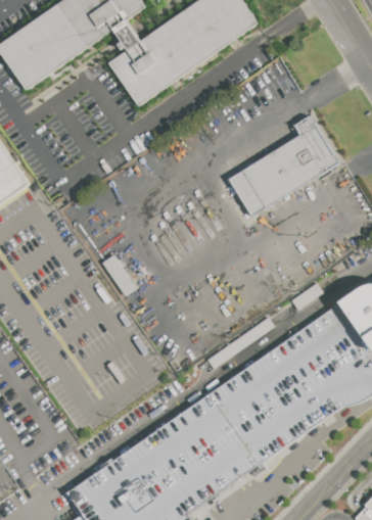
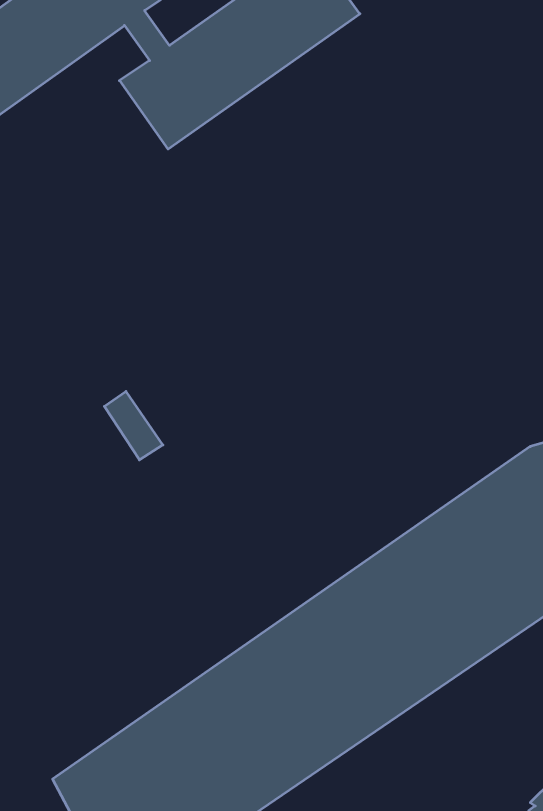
building: [228,116,337,216] -> none

